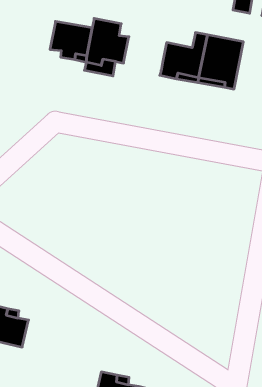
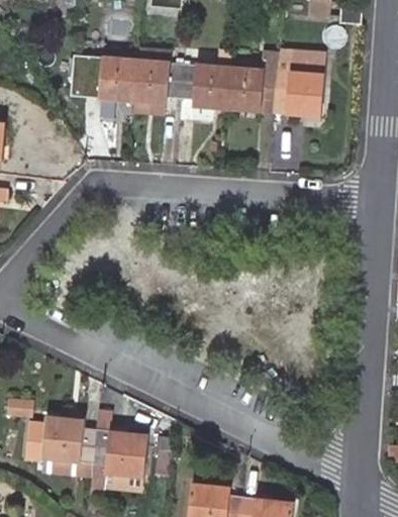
building: none -> [180,50,231,107]
building: none -> [89,429,147,496]

